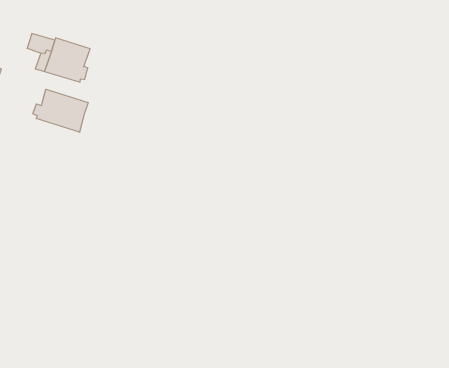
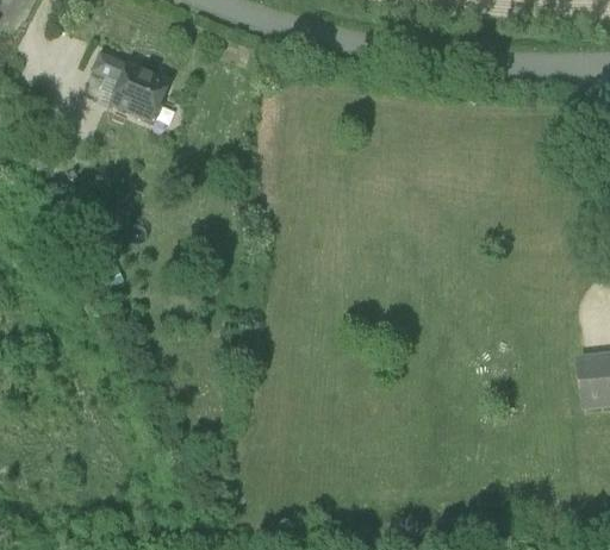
building: [33,89,88,132] -> none

